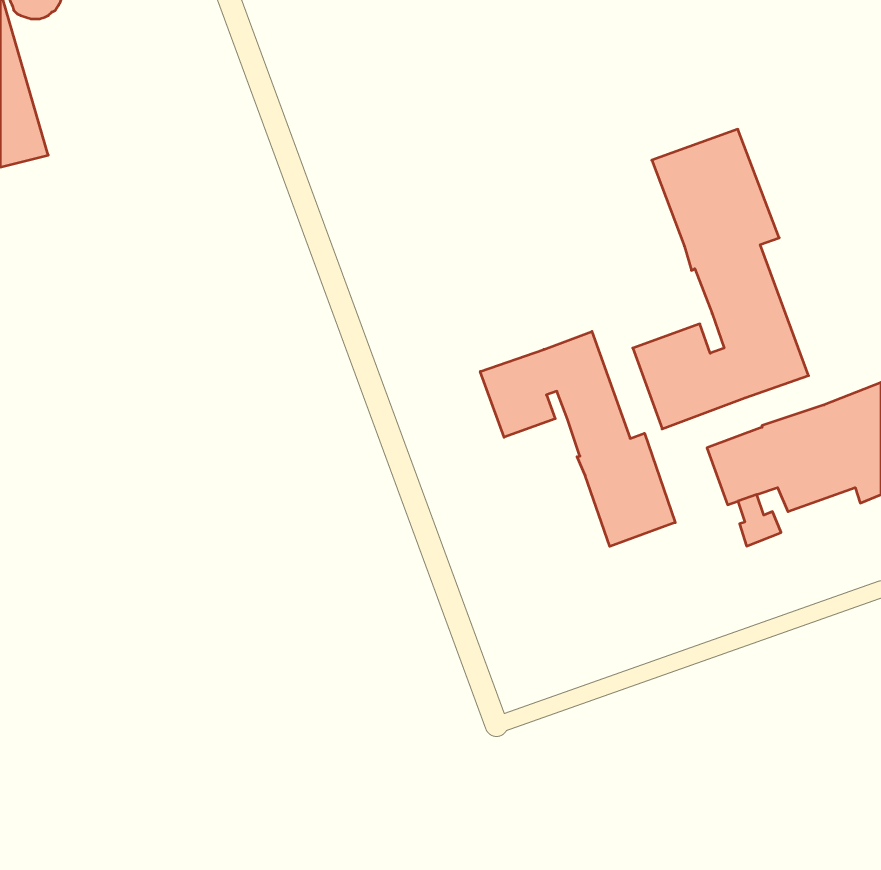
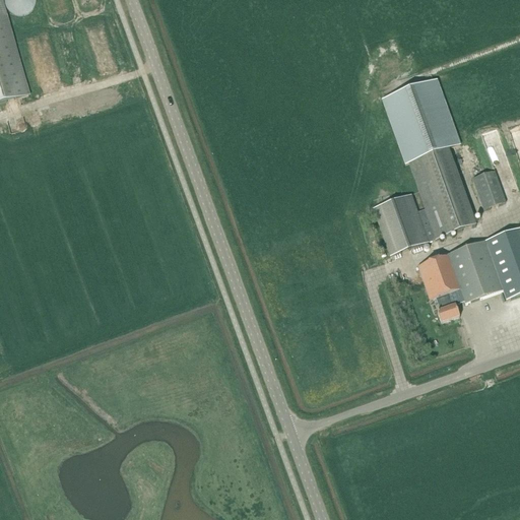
building: none -> [472,168,506,207]
building: [480,331,675,546] -> none

